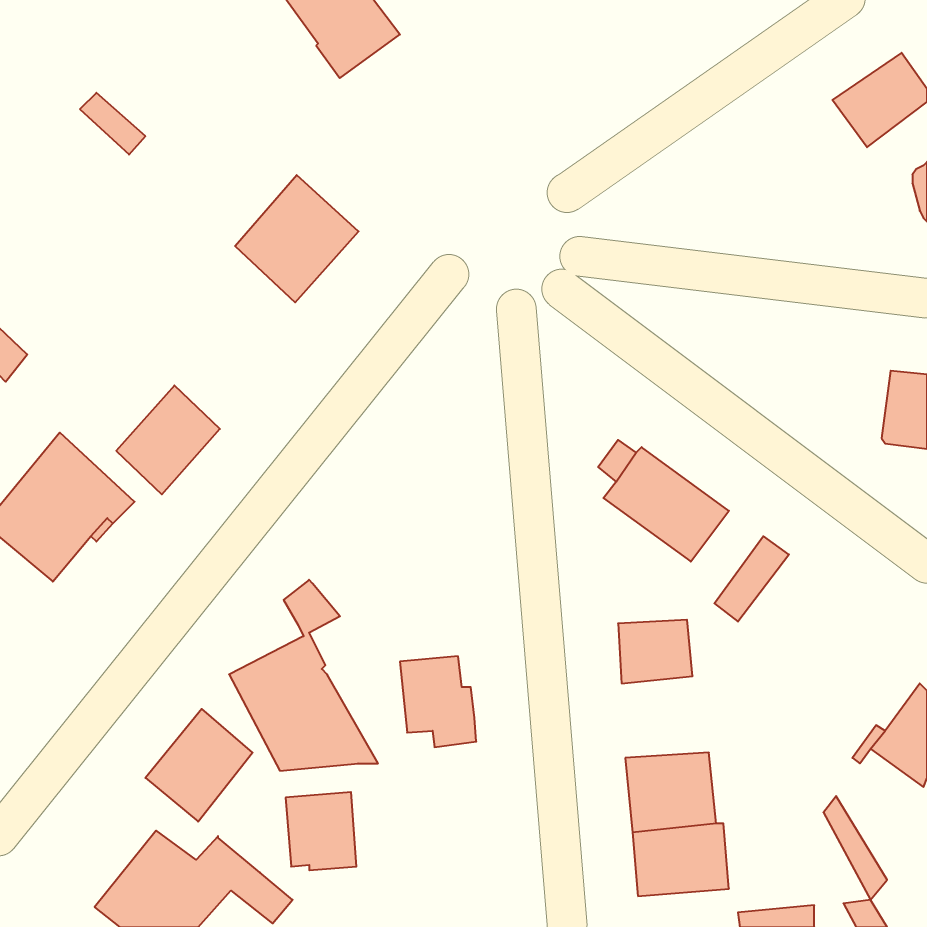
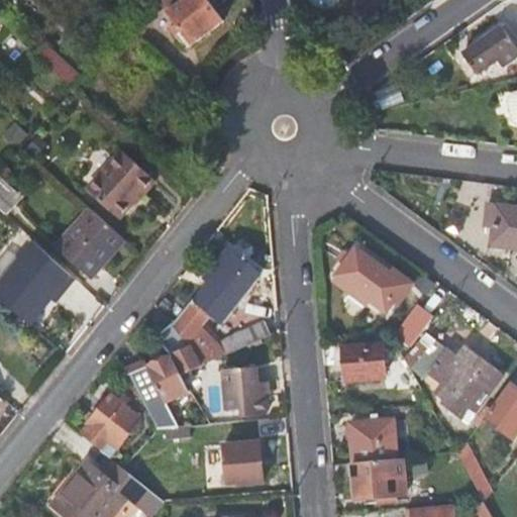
building: [235,175,359,302] -> [86,148,154,219]
building: none -> [174,247,271,366]
building: none -> [405,333,503,420]
building: [286,792,356,870] -> [222,440,262,484]

